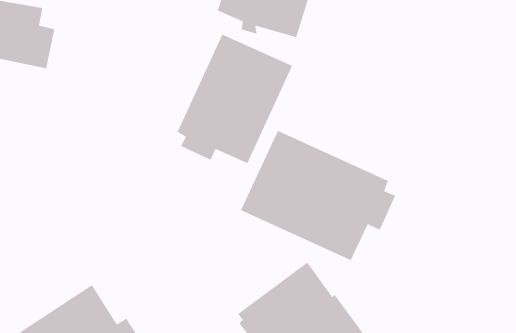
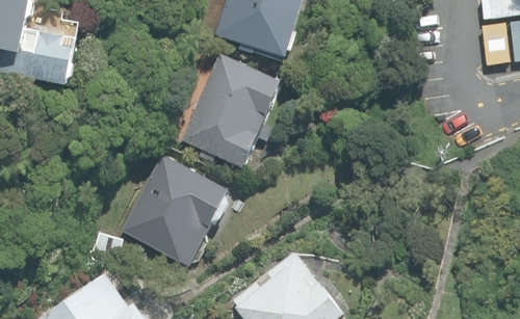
building: [240,130,396,261] -> none
building: none -> [120,155,230,265]

